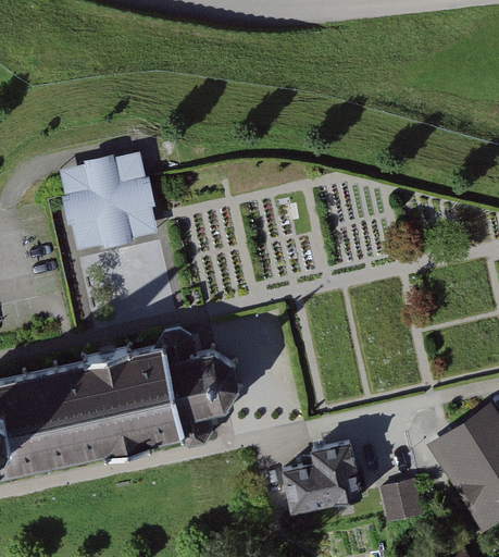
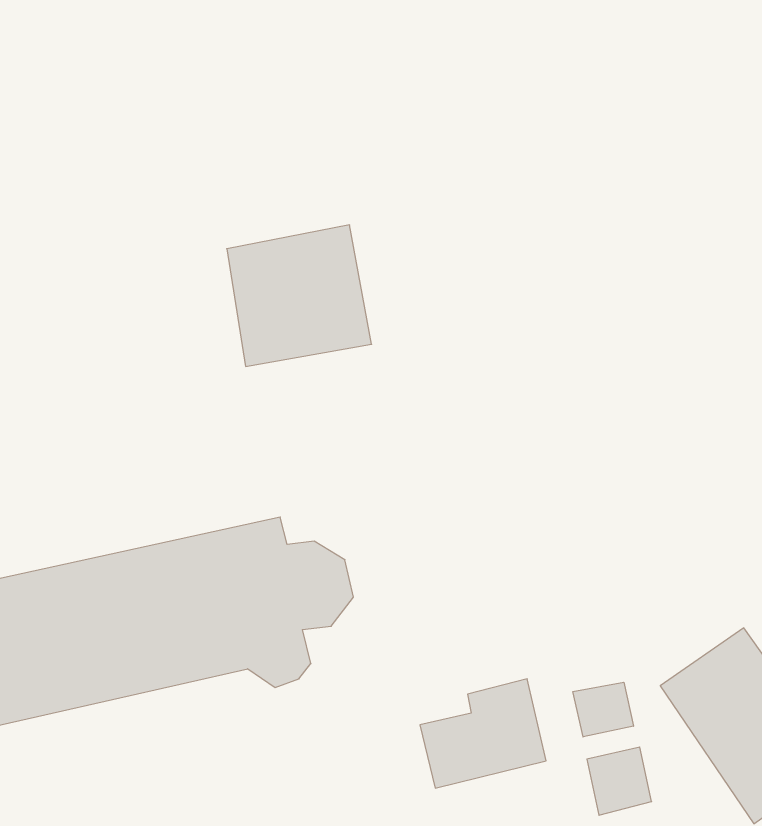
building: [65,162,158,252] -> [227,225,372,366]
building: none -> [573,682,633,737]

